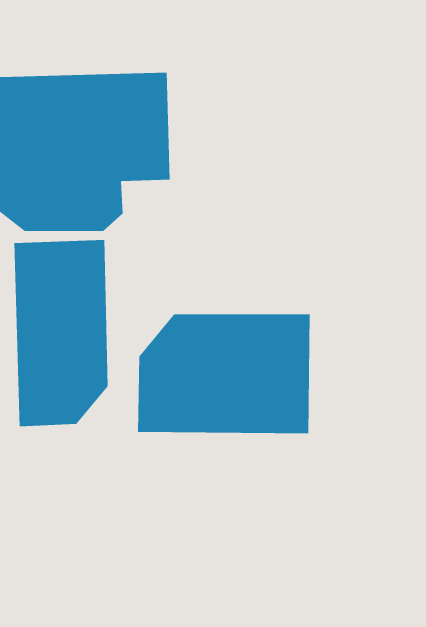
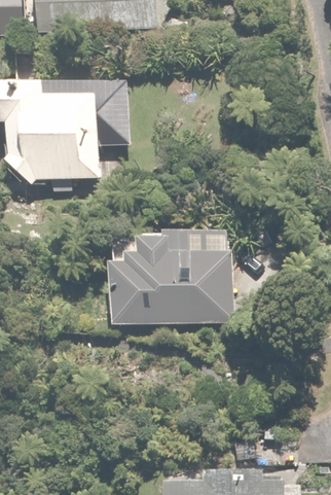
building: [14,239,108,427] -> none

